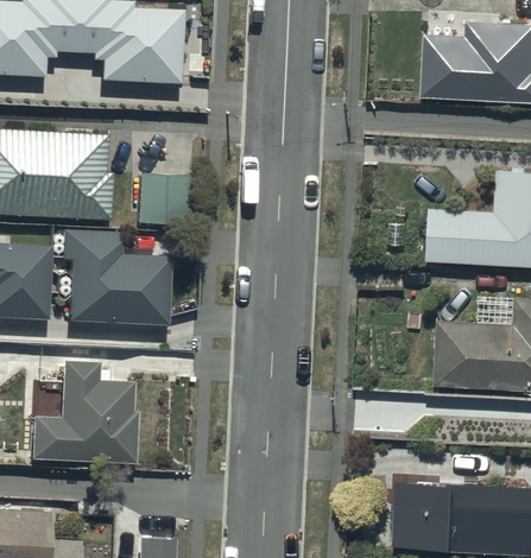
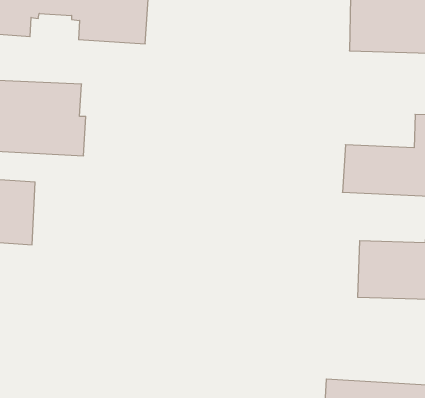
building: [137,173,190,226] -> none
building: [64,230,172,326] -> none
building: [31,361,137,462] -> none

